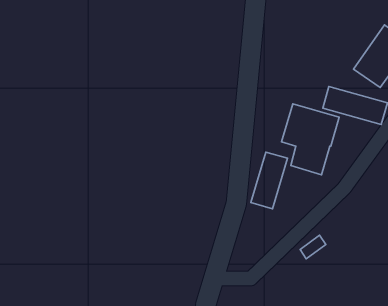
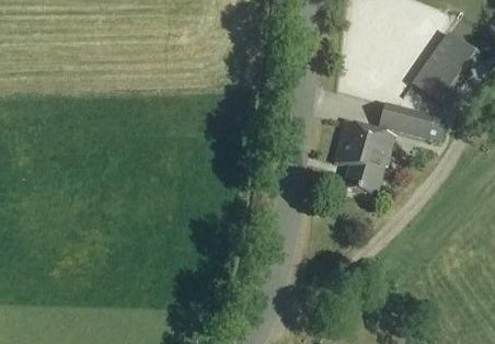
building: [251,152,287,209] -> none

